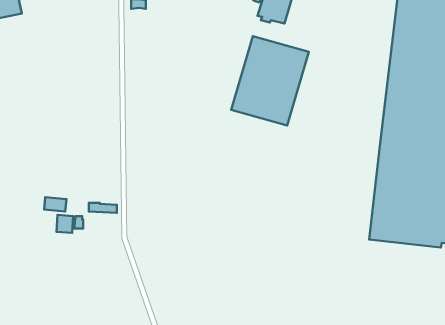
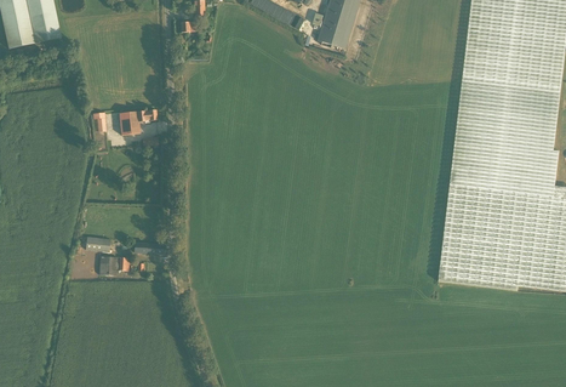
building: [231,36,309,126] -> none
building: none -> [119,109,158,135]

